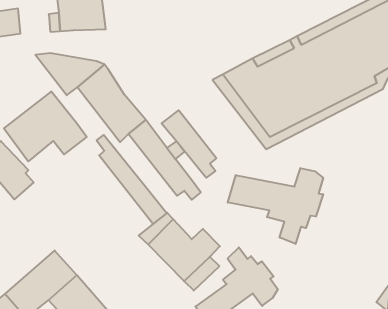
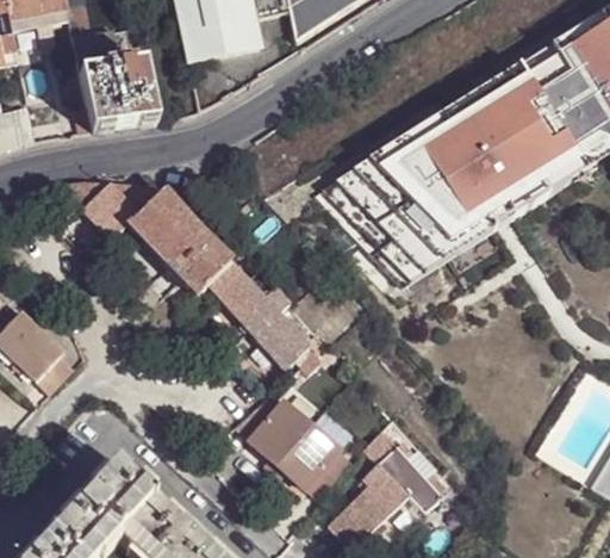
building: [4,91,87,161] -> none
building: [162,110,216,178] -> none
building: [97,135,167,224] -> none
building: [228,168,323,244] -> none

